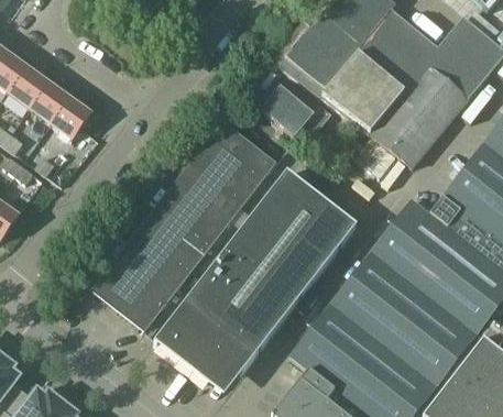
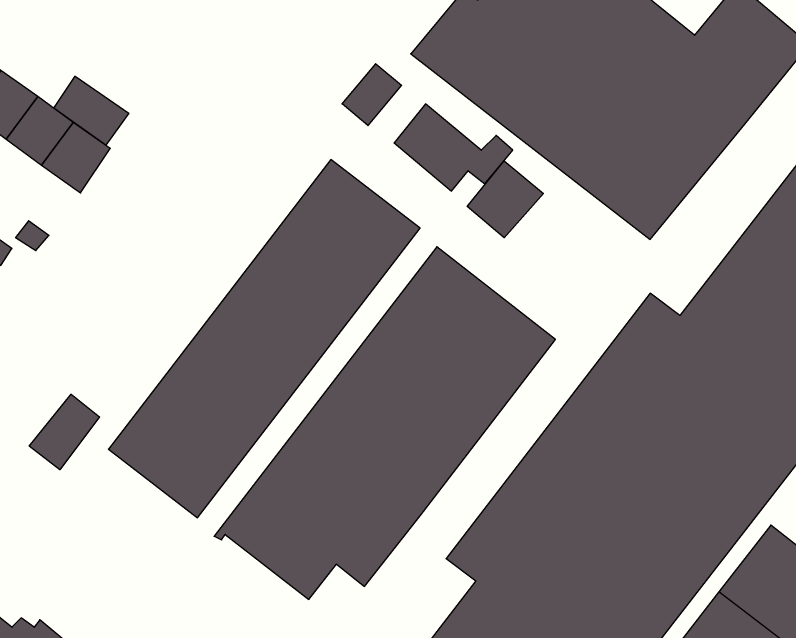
building: none -> [342,64,402,126]
building: none -> [54,76,129,145]
building: none -> [467,161,543,238]
building: none -> [29,394,100,470]

